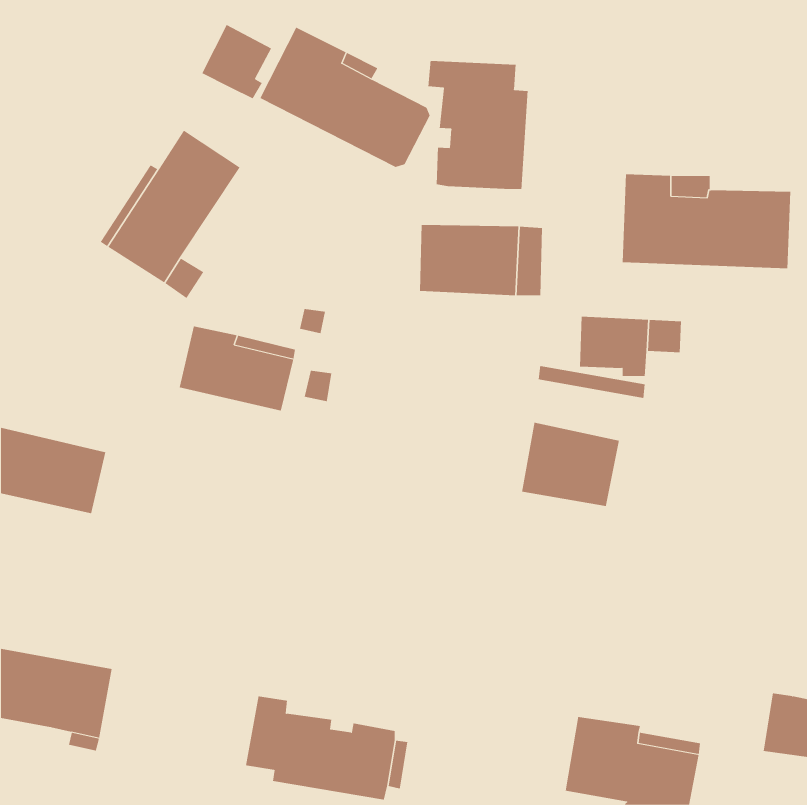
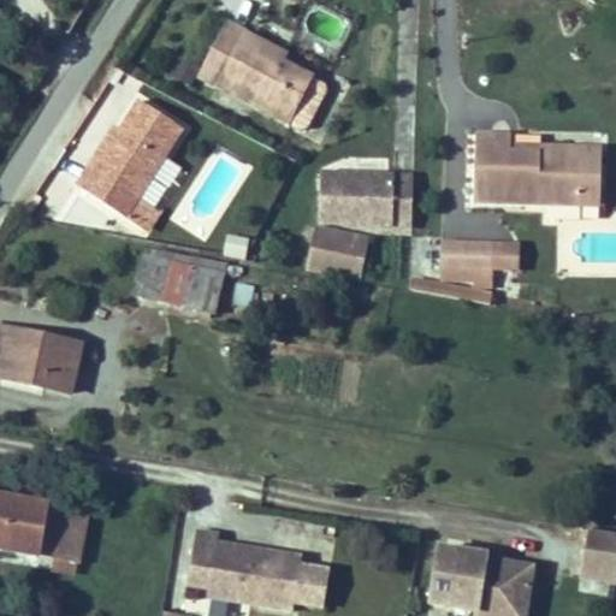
building: [201,24,272,99] -> none
building: [428,60,528,190] -> none
building: none -> [307,226,369,277]
building: [521,422,619,507] -> none

